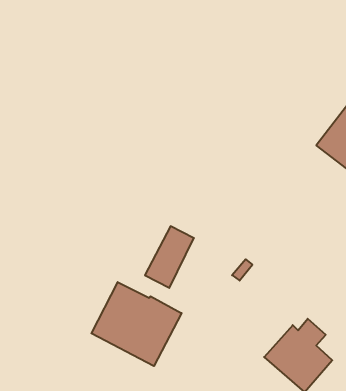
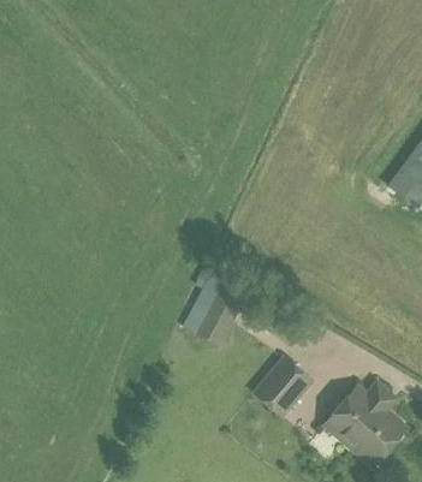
building: [91,282,182,366] -> none
building: none -> [252,357,310,416]

